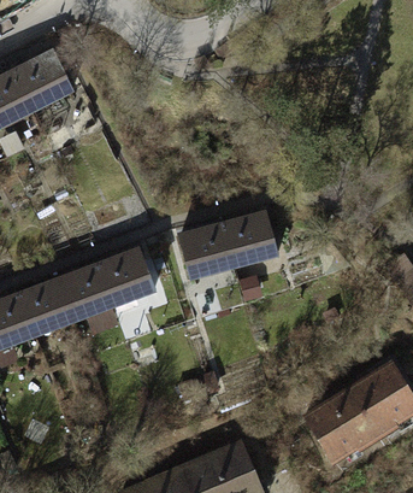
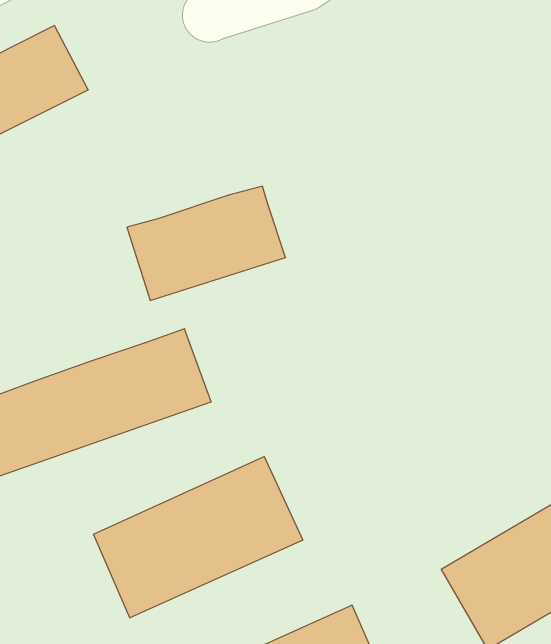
building: [176,210,283,287] -> [127,186,286,300]
building: none -> [93,456,303,618]

